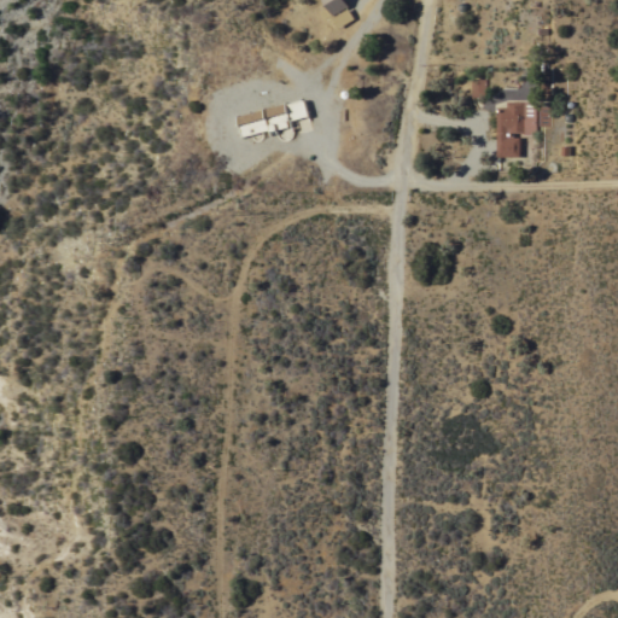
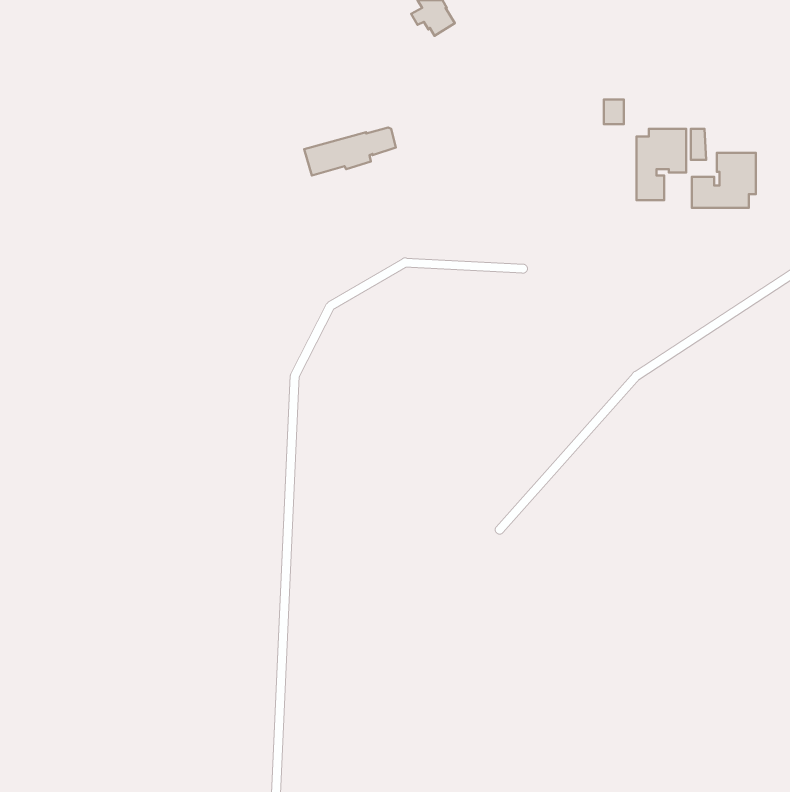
building: none -> [692,153,756,208]

